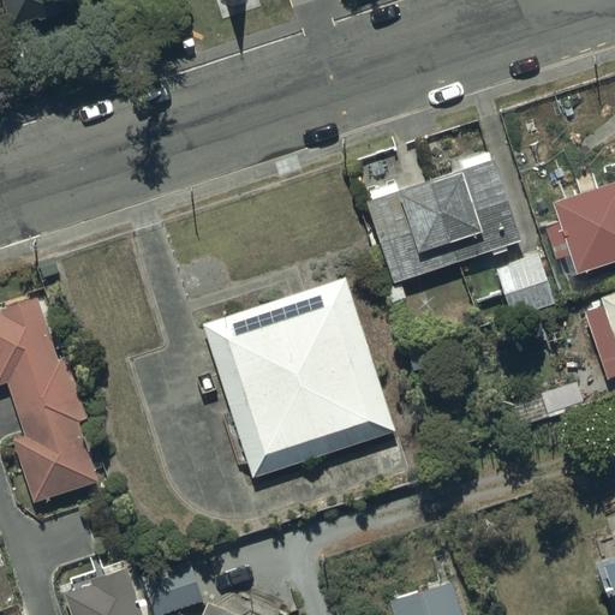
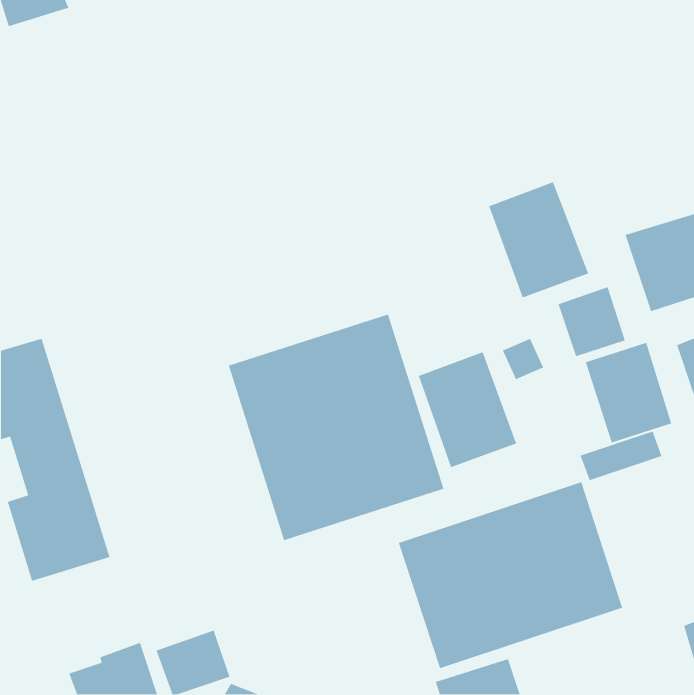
building: [371,181,459,285] -> [418,351,517,468]
building: none -> [585,342,672,443]
building: none -> [398,481,623,669]

